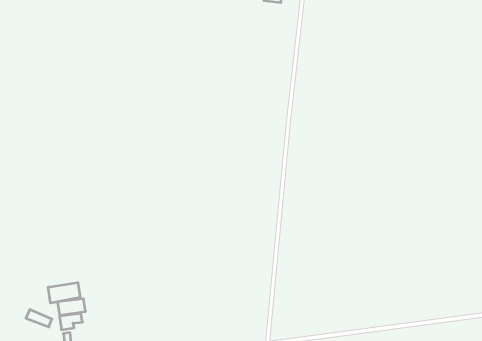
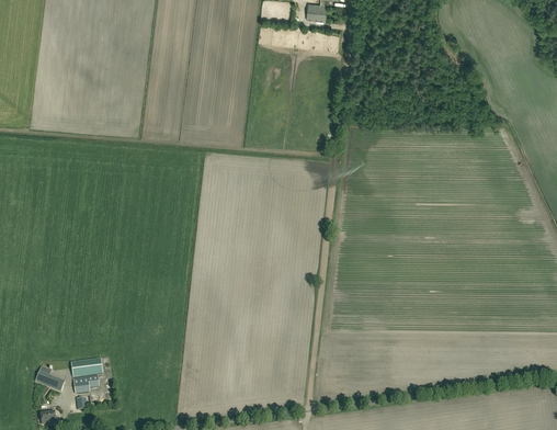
building: [48,283,80,303] -> none

